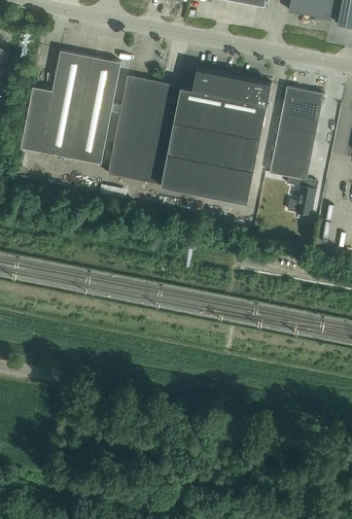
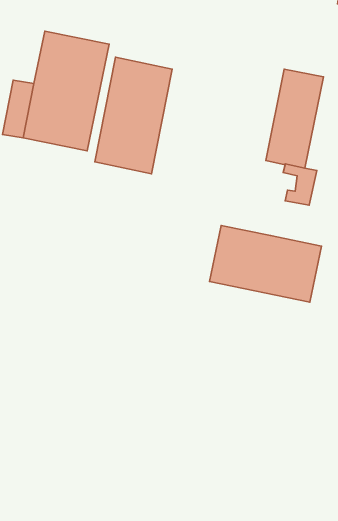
building: [162,68,272,202] -> none
building: none -> [210,225,322,302]

